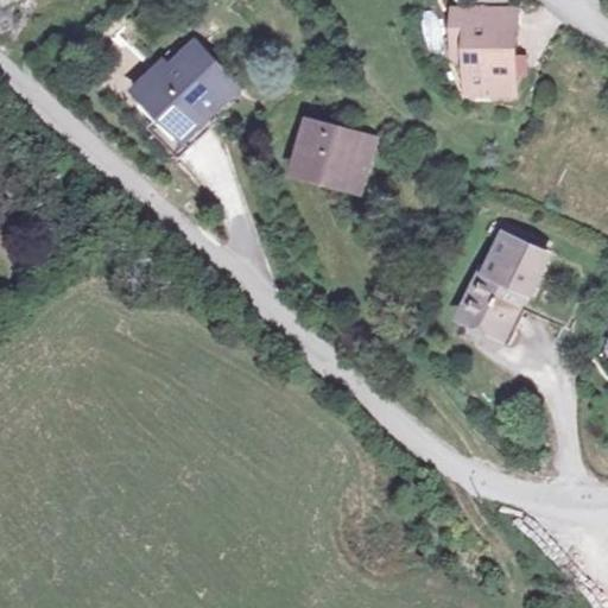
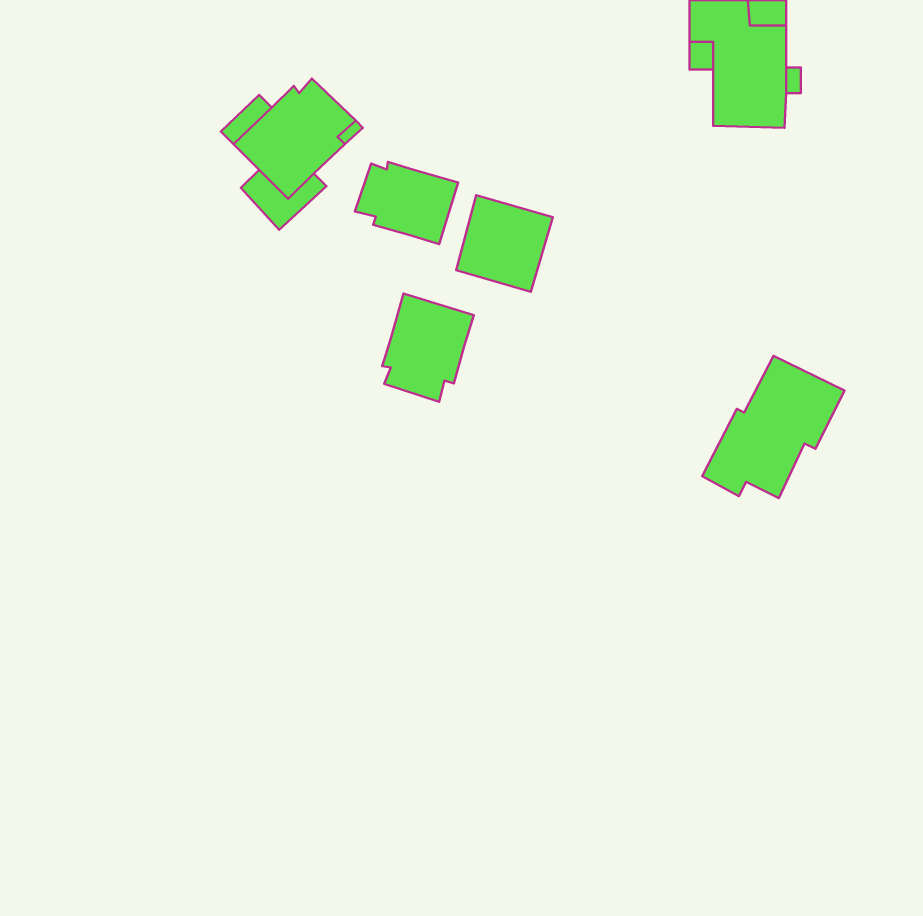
building: none -> [355,162,458,244]
building: none -> [382,293,474,402]

